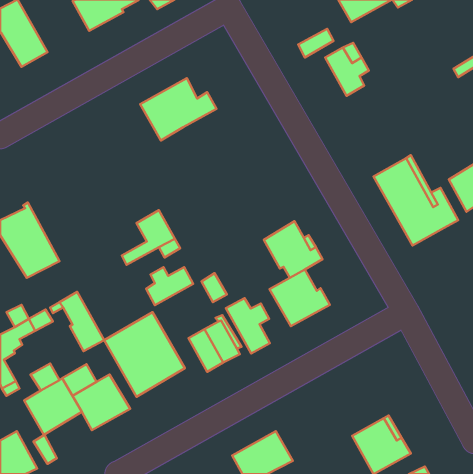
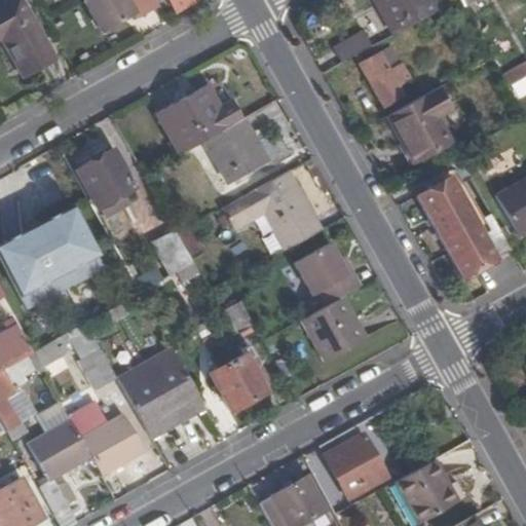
building: none -> [388,89,450,162]
building: none -> [204,119,268,185]
building: none -> [77,149,135,209]
building: none -> [222,171,323,251]
building: none -> [33,206,110,289]
building: [146,267,193,305] -> none
building: [226,298,270,353] -> none
building: none -> [323,434,385,498]

